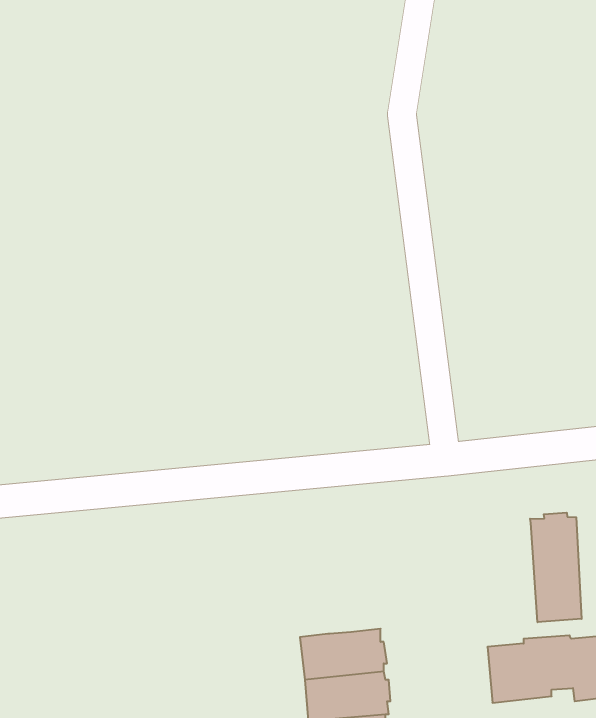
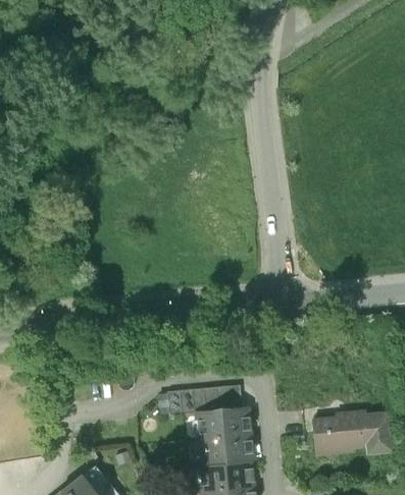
building: [530,513,582,622] -> none
building: none -> [157,386,242,417]

